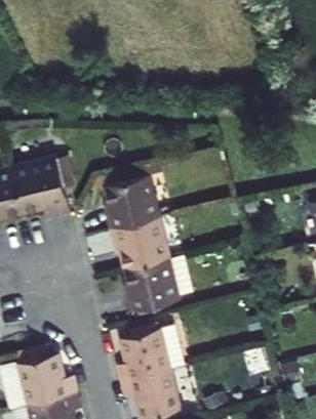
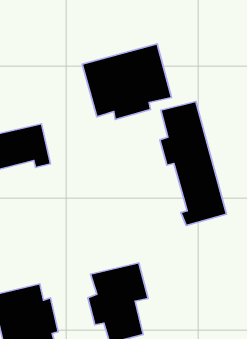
building: none -> [82,44,172,120]
building: [105,168,183,313] -> [160,101,226,226]

